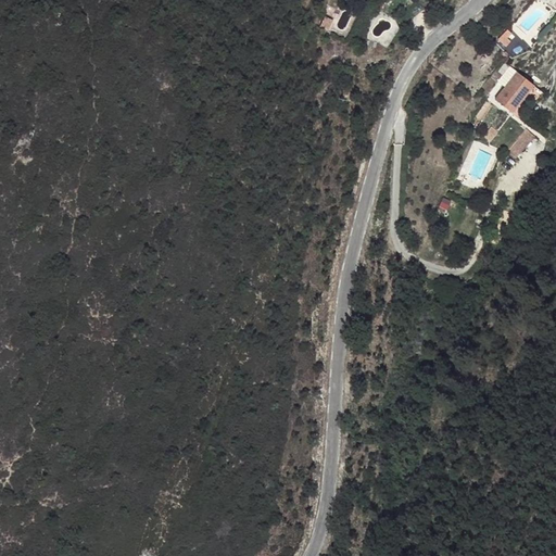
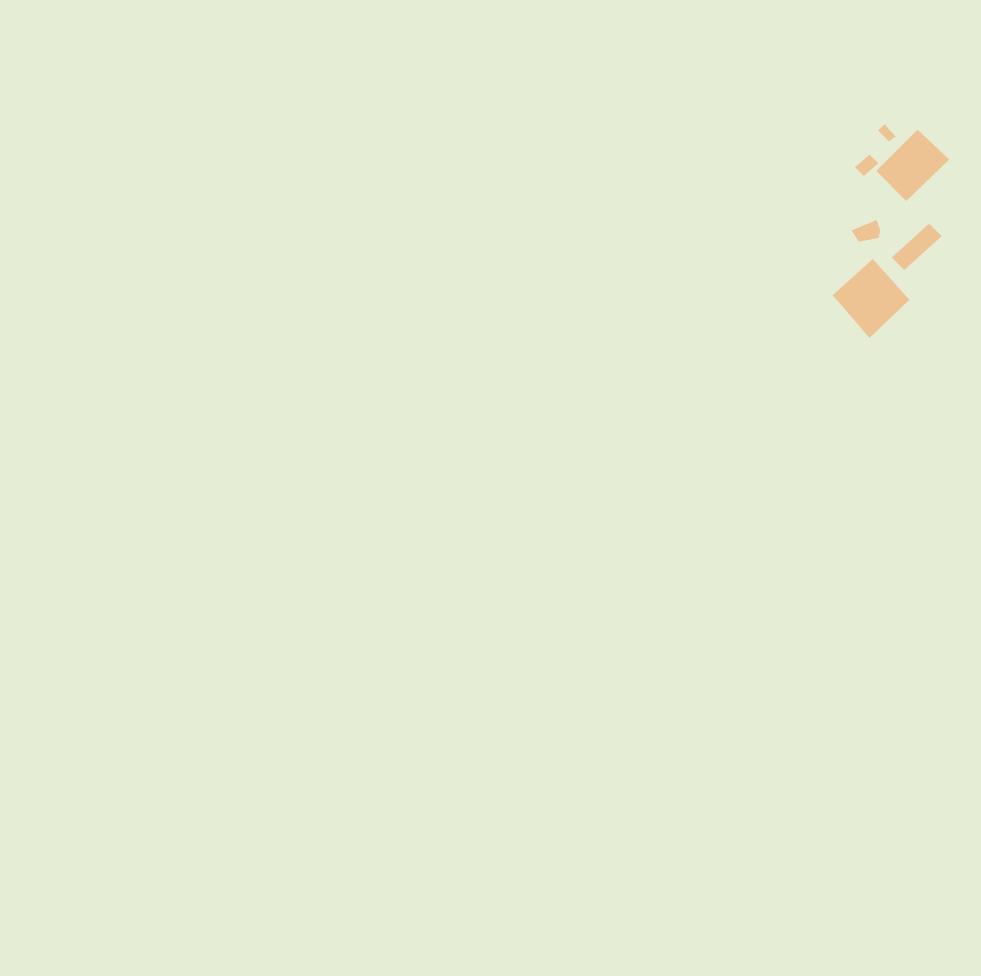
building: none -> [832,258,910,339]

